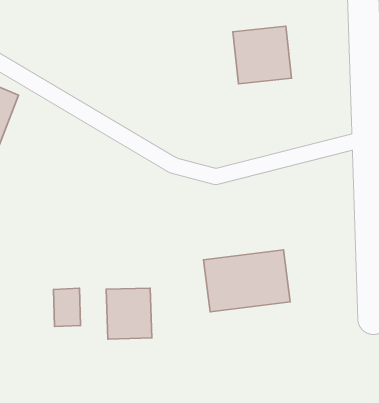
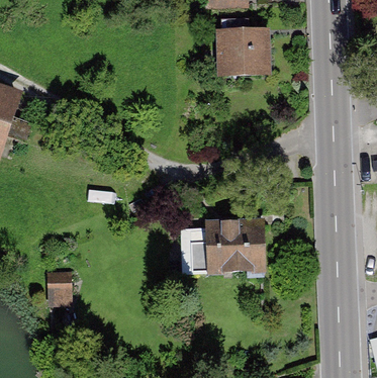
building: [106,288,152,339] -> none

